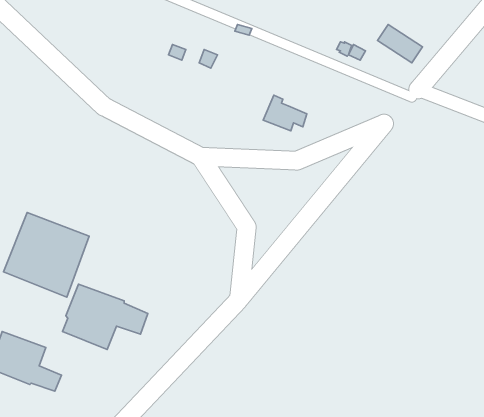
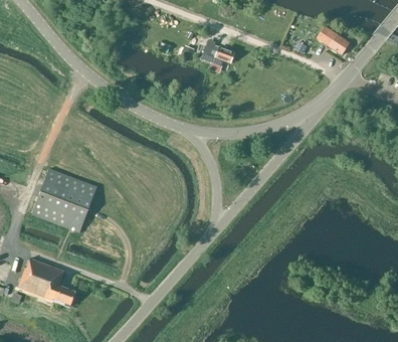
building: [263,95,307,131] -> [200,38,233,65]
building: [62,284,148,349] -> none

